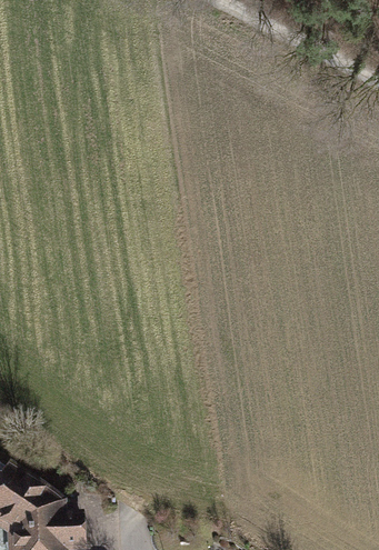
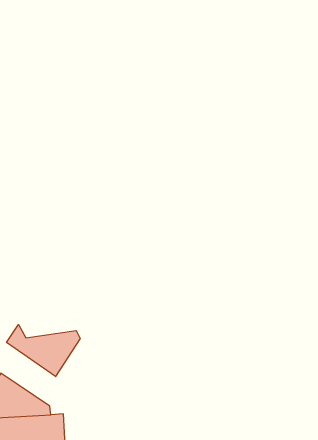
building: none -> [7,325,80,377]

